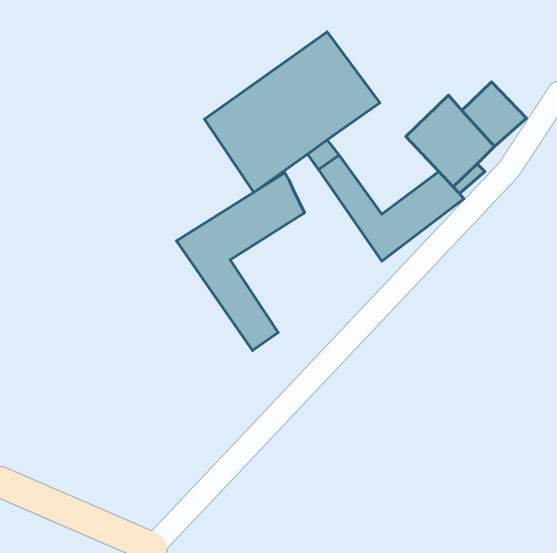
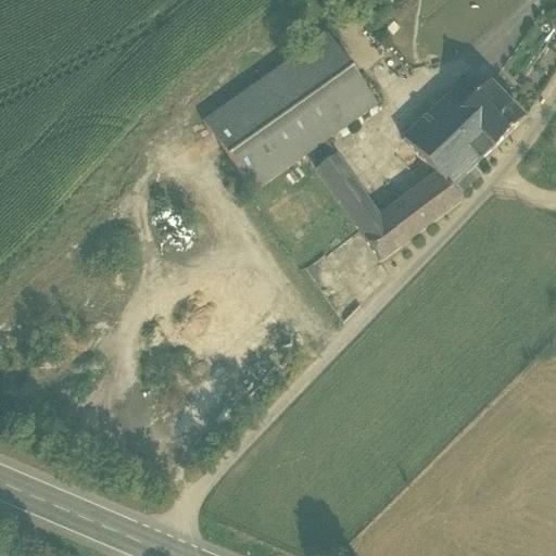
building: none -> [447,68,490,110]
building: [177,173,305,350] -> none

